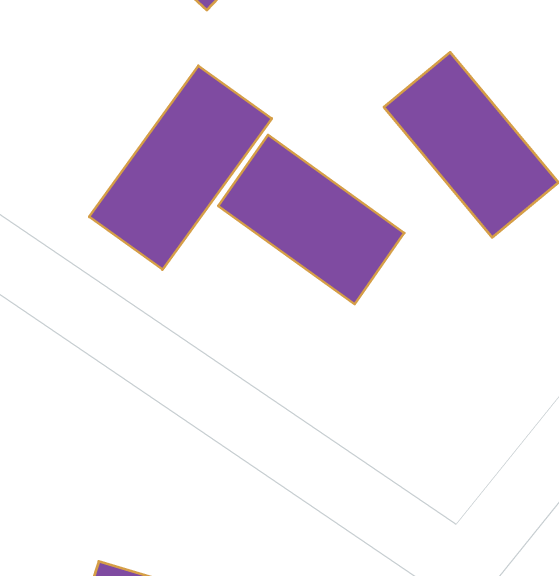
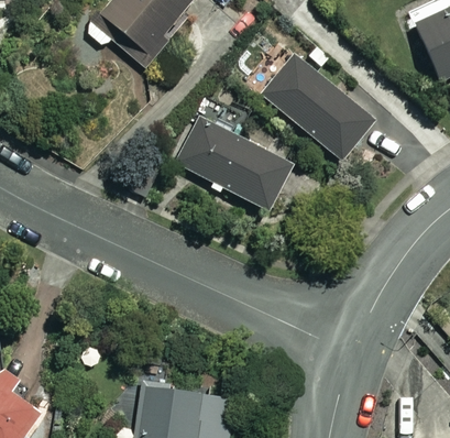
building: [89,66,272,270] -> none

